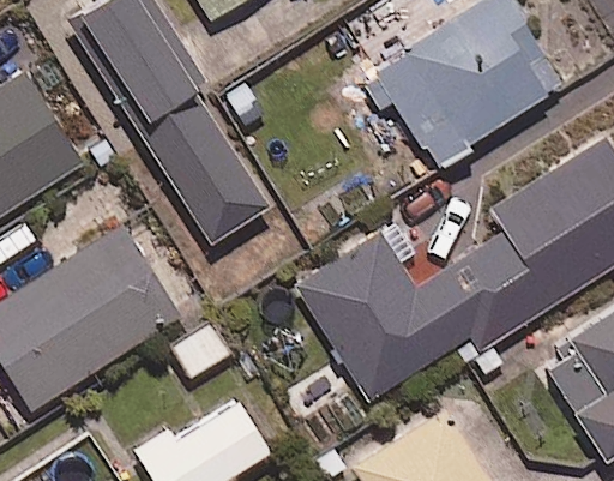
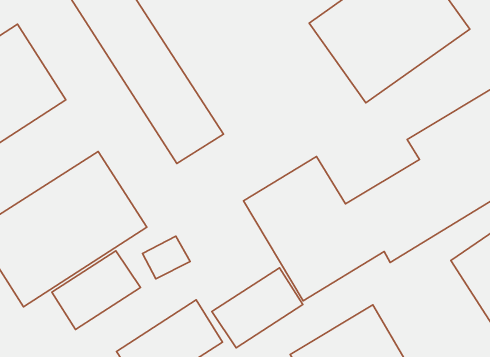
building: none -> [52,251,141,330]
building: none -> [212,268,303,348]

